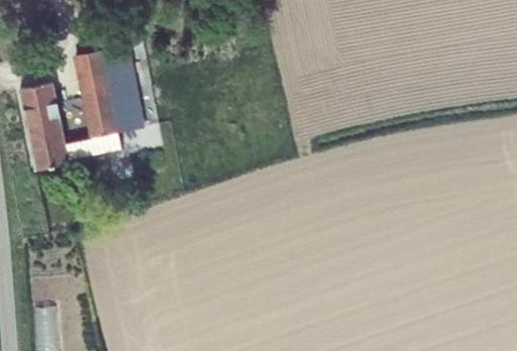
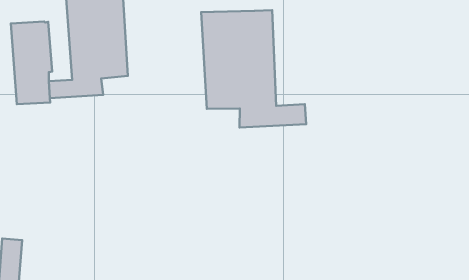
building: none -> [201,10,306,128]

